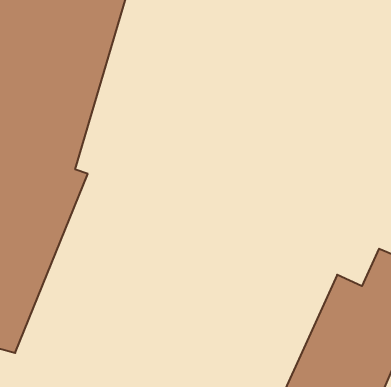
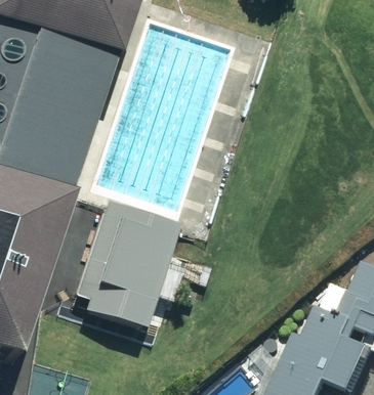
building: none -> [69,207,182,334]

